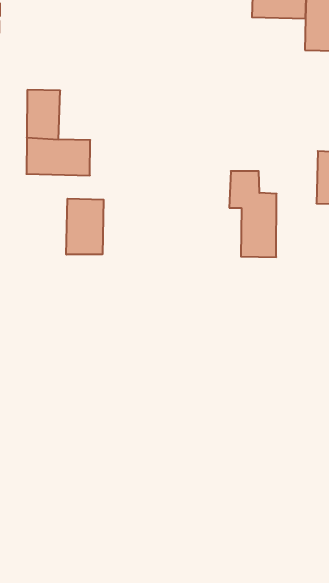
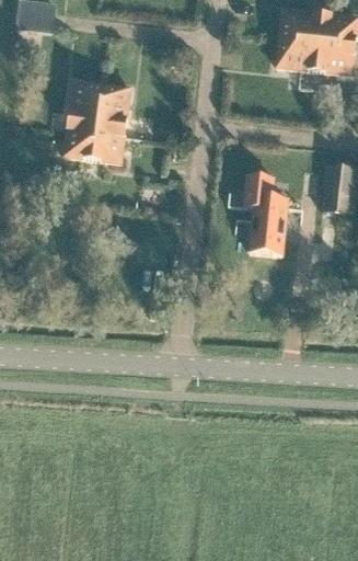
building: none -> [276,36,327,70]
building: none -> [95,87,128,134]
building: [66,199,104,255] -> none

